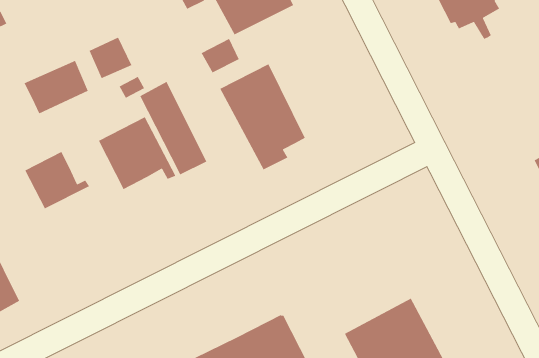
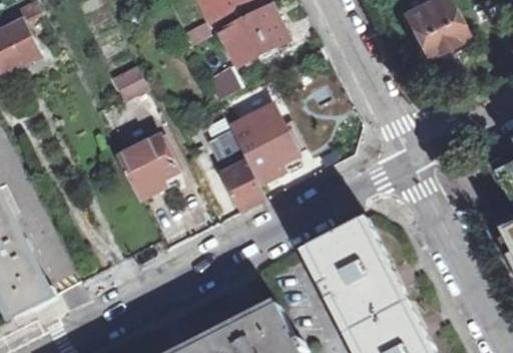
building: [23,60,89,115] -> none
building: [139,81,207,176] -> [208,129,268,212]
building: [24,151,90,210] -> none
building: none -> [294,211,392,324]

